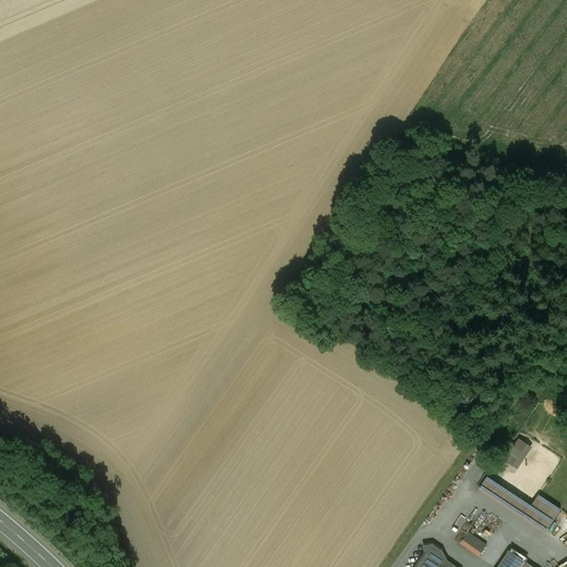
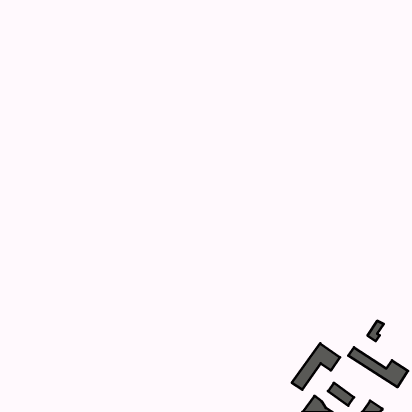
building: none -> [292,343,340,390]

